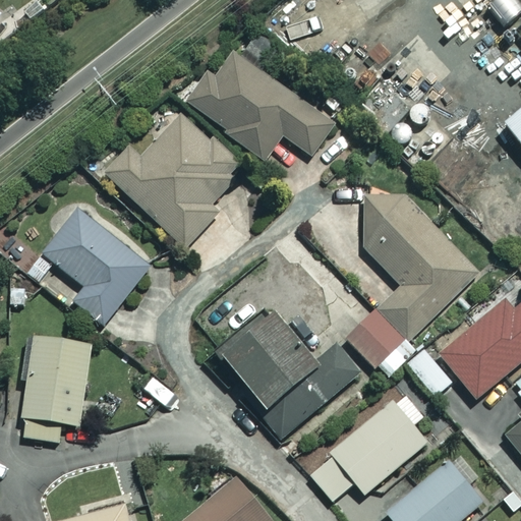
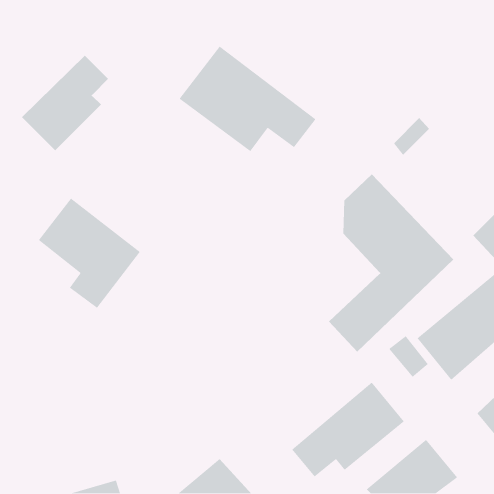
building: none -> [21,55,109,151]
building: [105,115,243,250] -> none
building: [216,308,359,436] -> none
building: [21,338,93,442] -> none

